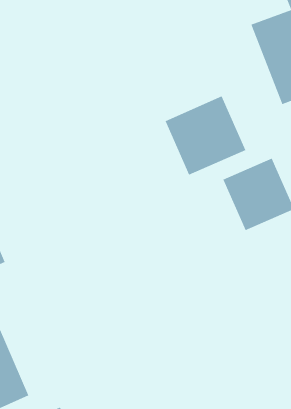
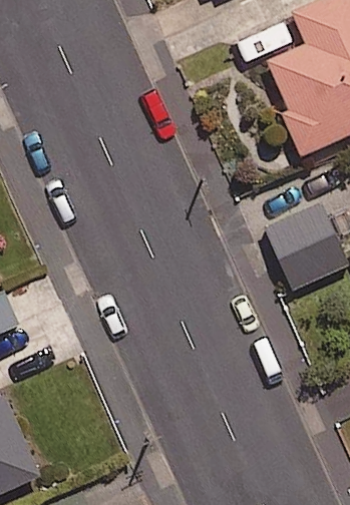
building: [165,96,246,176] -> none

